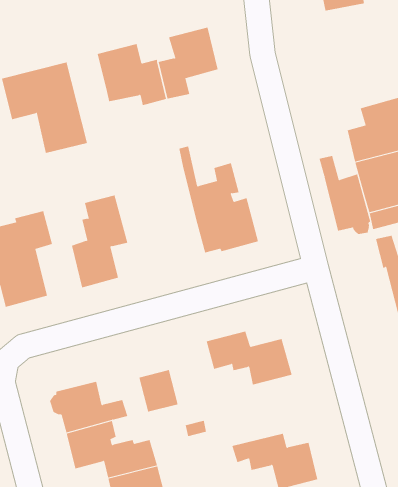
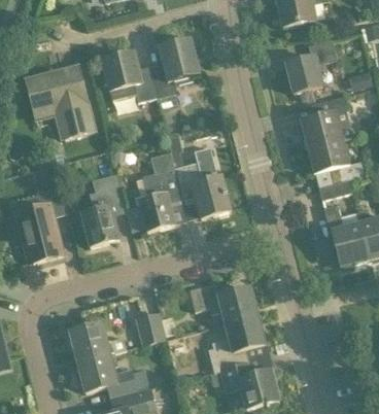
building: none -> [285,38,337,100]
building: [319,155,371,235] -> none
building: none -> [139,150,181,231]
building: none -> [198,315,264,374]

